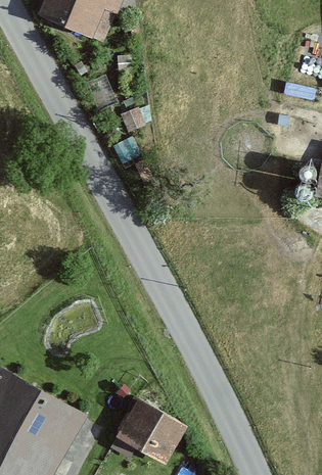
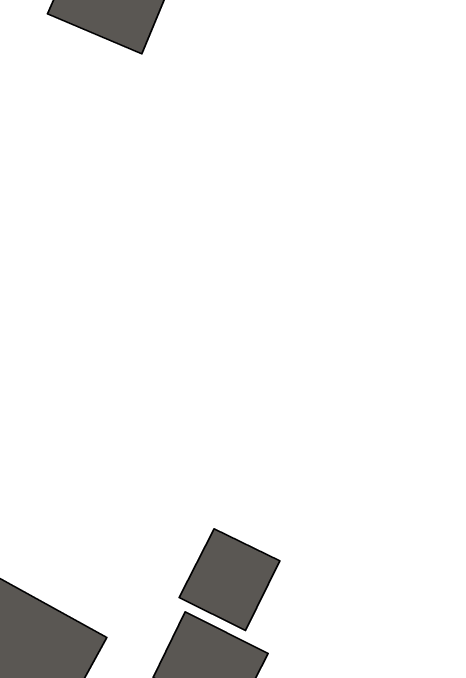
building: none -> [179,529,280,631]

